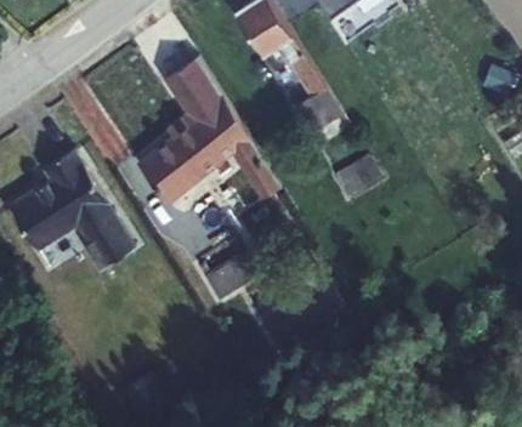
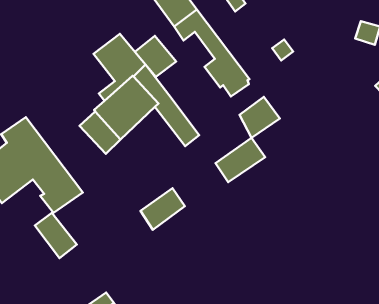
building: none -> [135,36,176,77]
building: none -> [215,138,265,182]
building: none -> [35,213,77,258]

